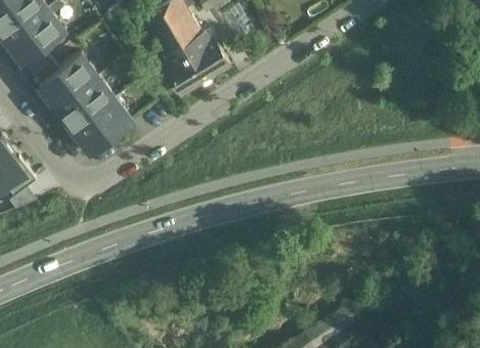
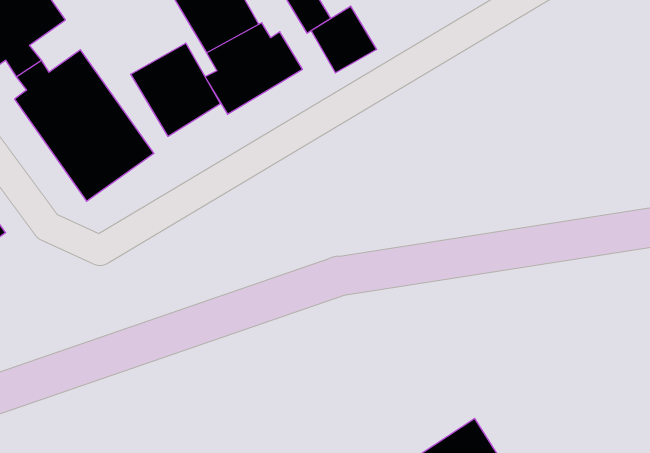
building: none -> [311,6,377,73]
building: none -> [131,43,220,136]

